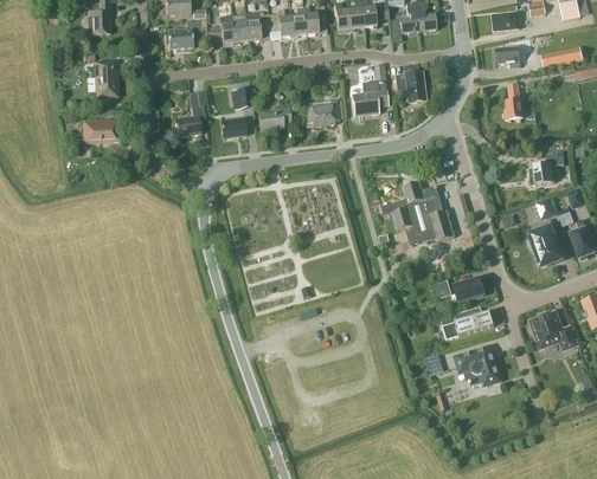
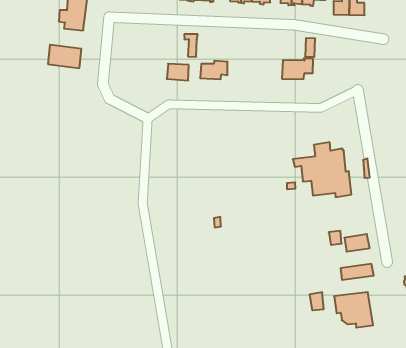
building: [394,70,425,102] -> none
building: [174,91,205,136] -> none
building: [303,98,344,127] -> none

